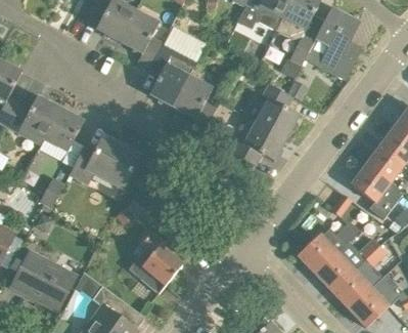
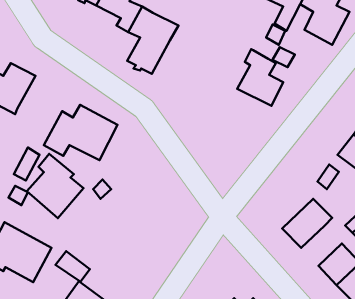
building: [172,74,216,131] -> none
building: [43,108,83,152] -> none
building: [229,120,286,164] -> none
building: [128,232,182,293] -> [27,154,83,218]
building: [315,251,354,290] -> none

